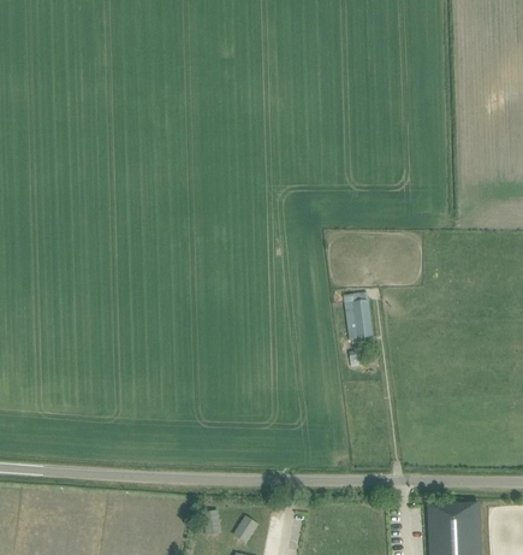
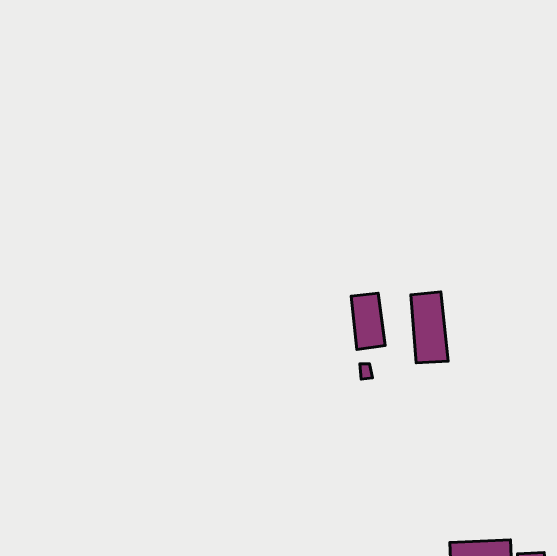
building: none -> [411,292,448,363]

